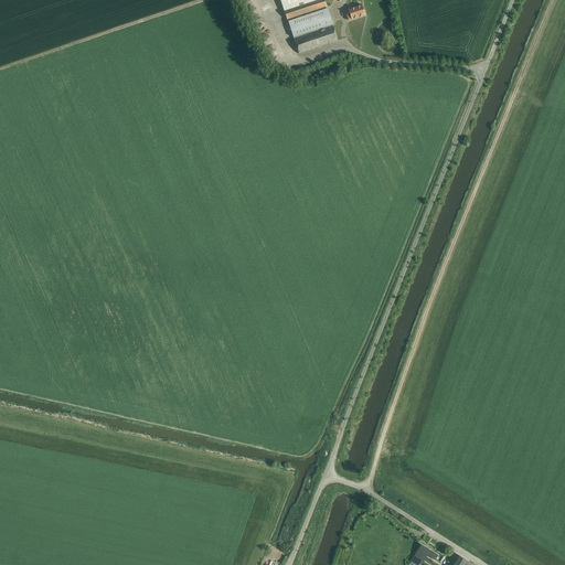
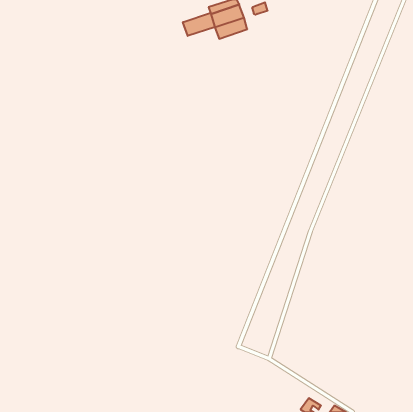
building: none -> [183,13,215,36]

